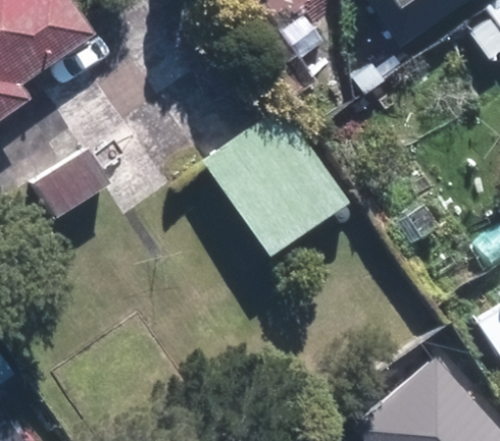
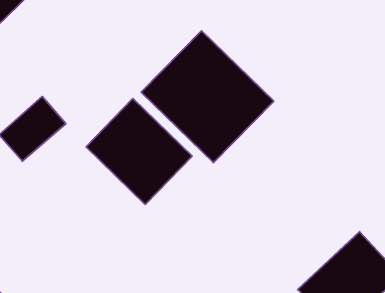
building: none -> [86,99,192,204]

